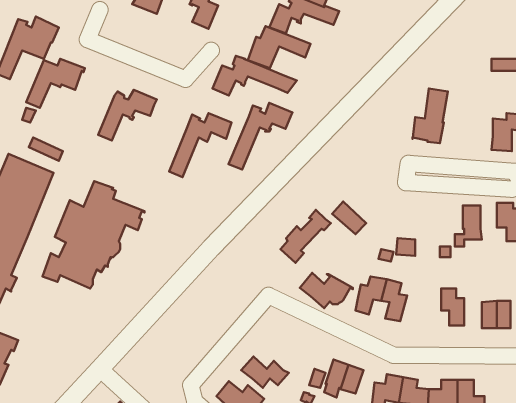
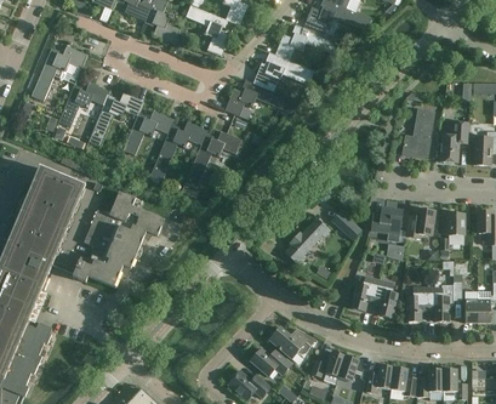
building: none -> [87,92,142,147]
building: none -> [439,121,468,161]
building: [229,103,292,170] -> [149,121,206,181]
building: none -> [370,207,401,241]
building: none -> [406,209,434,238]
building: [300,273,353,308] -> [268,326,315,358]
building: none -> [406,288,427,320]

